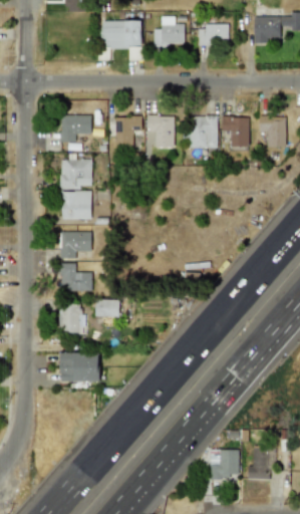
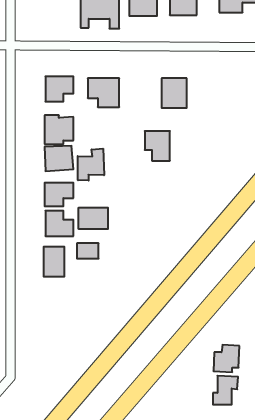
building: [146,116,175,150] -> [145,131,170,161]
building: [221,116,248,149] -> none
building: [259,116,286,148] -> none
building: none -> [78,149,104,181]
building: none -> [79,208,108,229]
building: [59,353,99,382] -> none
building: [209,450,238,480] -> [213,345,239,372]

